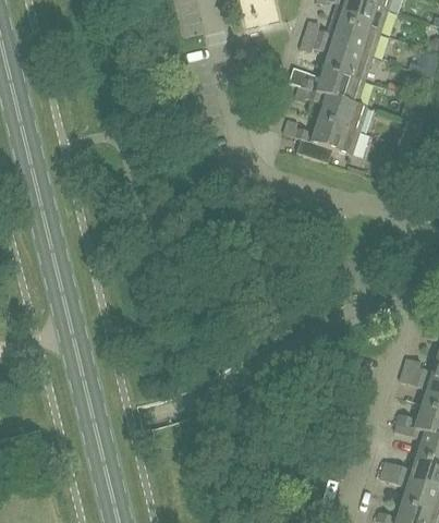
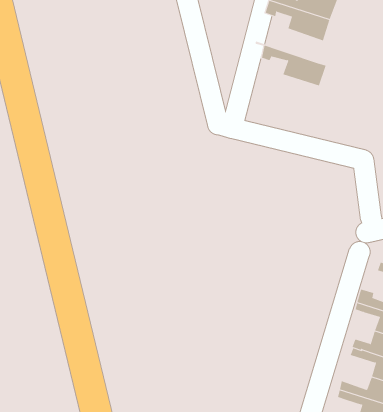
building: [289,64,364,102] -> none
building: [282,115,359,160] -> none

